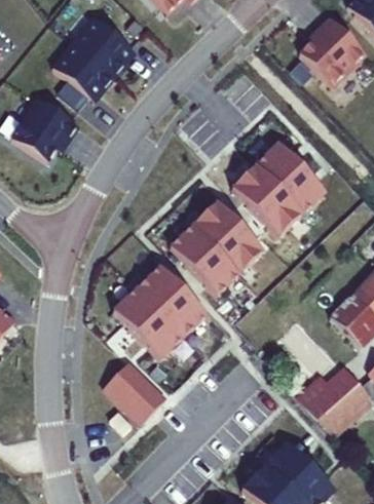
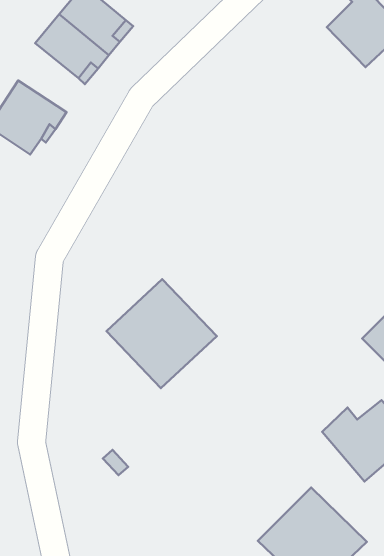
building: [232,143,325,235] -> none
building: [171,201,263,294] -> none
building: [104,360,165,423] -> none

